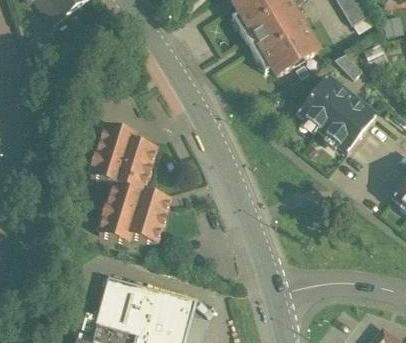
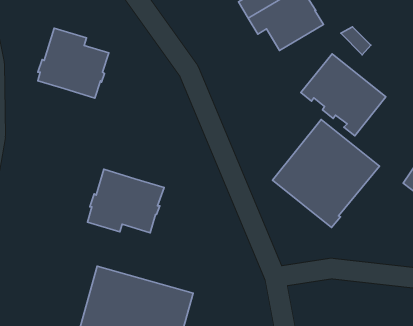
building: [90,128,156,193] -> [38,28,109,98]
building: none -> [273,119,379,228]

